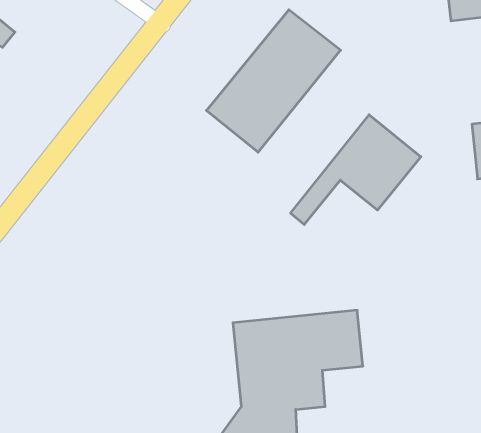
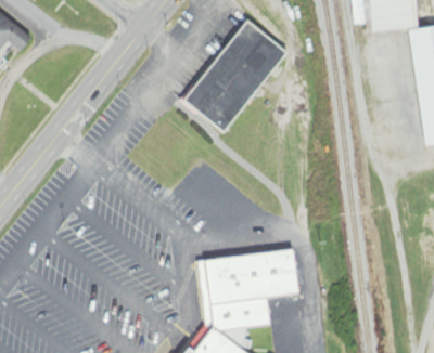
building: [291,115,421,225] -> none

